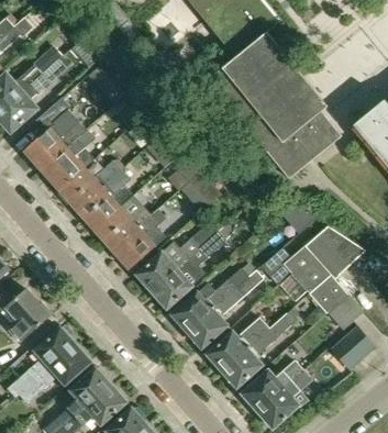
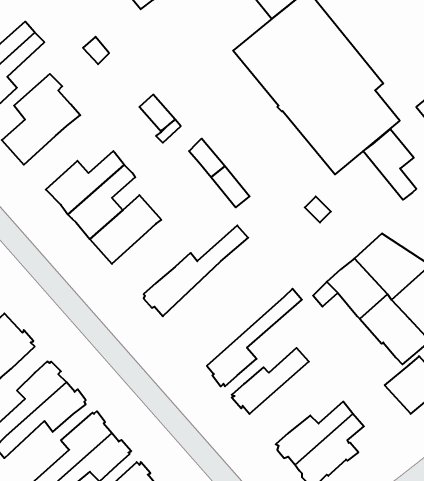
building: [41,129,96,190] -> none
building: none -> [363,129,416,200]
building: [111,208,167,269] -> none
building: [152,229,228,308] -> none
building: [171,267,248,331] -> none
building: [221,312,293,387] -> none

